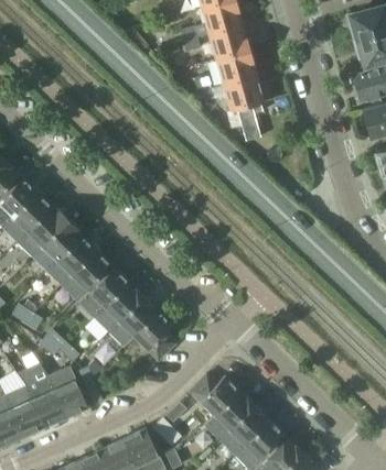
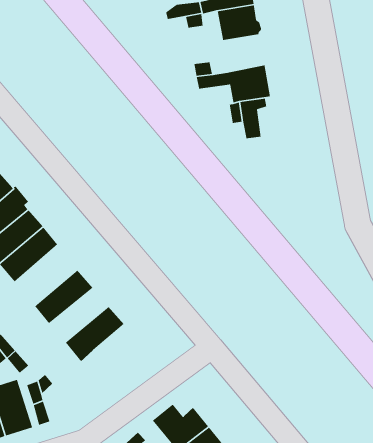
building: [217,50,256,85] -> none
building: [60,248,110,298] -> none
building: [93,282,142,331] -> none
building: [133,310,174,360] -> none

